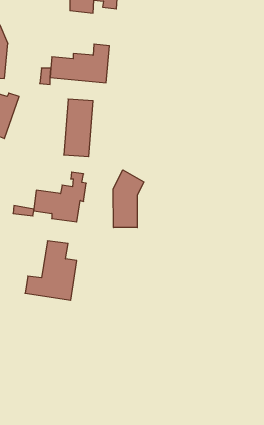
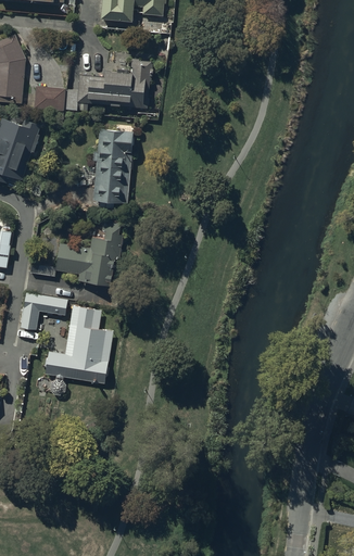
building: none -> [35,87,66,110]
building: [113,170,144,228] -> none
building: none -> [21,293,67,329]

